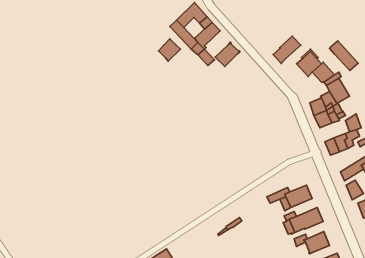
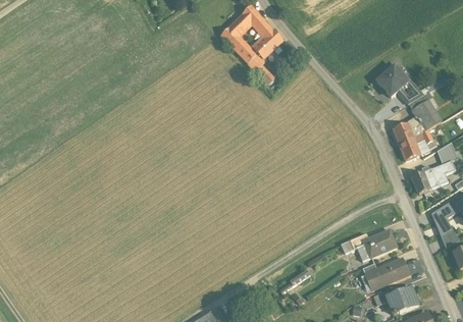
building: [273,36,301,64] -> none
building: [158,39,181,61] -> none
building: [329,41,358,71] -> none
building: [215,42,240,67] -> none

